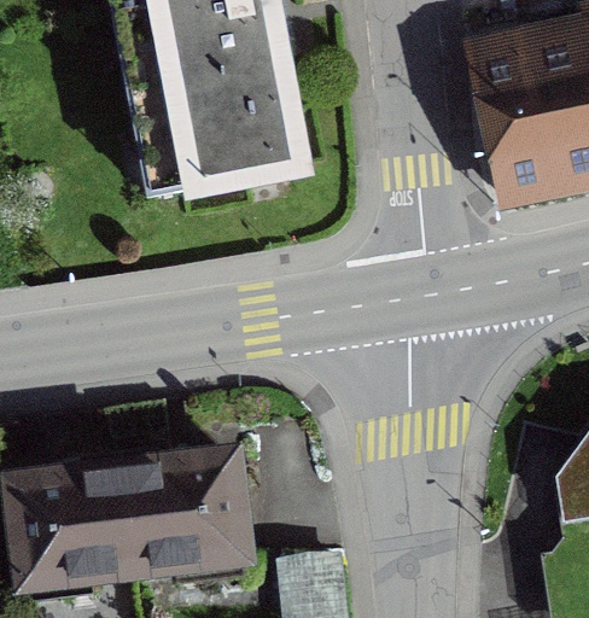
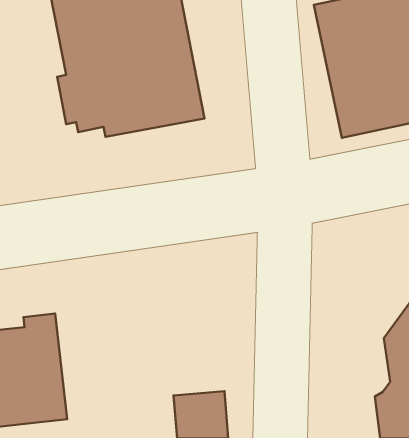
building: [118,438,258,583] -> none

